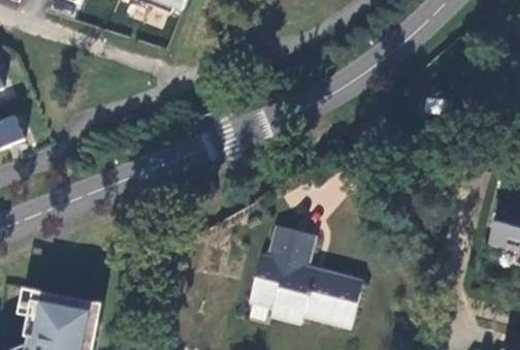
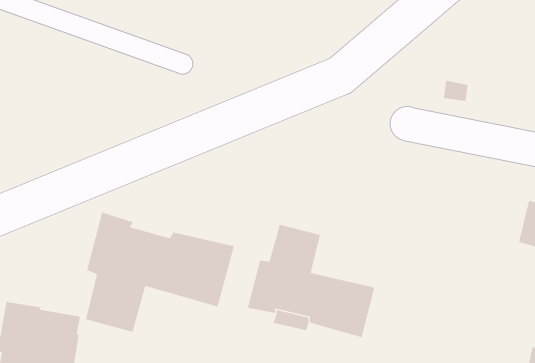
building: none -> [85,211,235,333]

